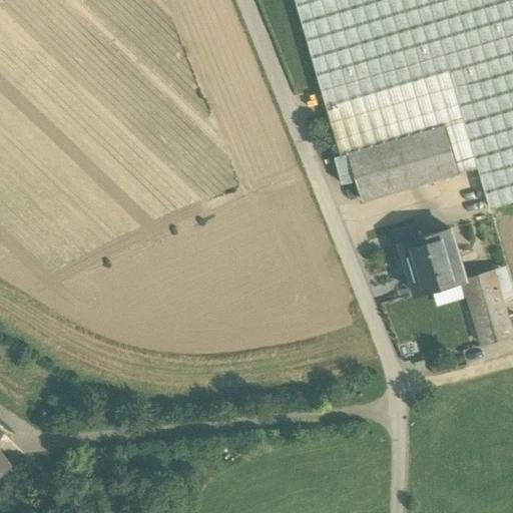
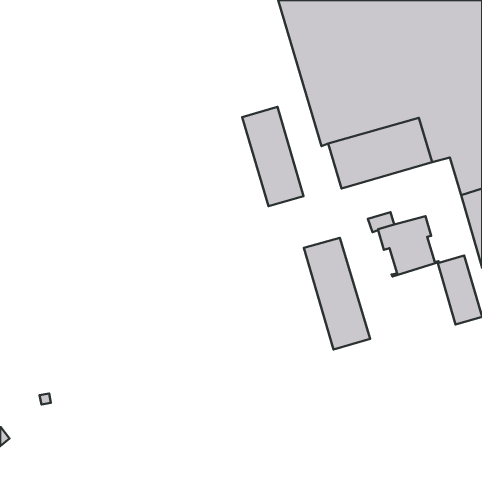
building: none -> [242,107,303,206]
building: none -> [304,238,370,350]

